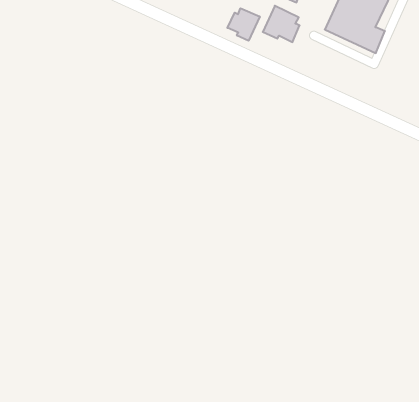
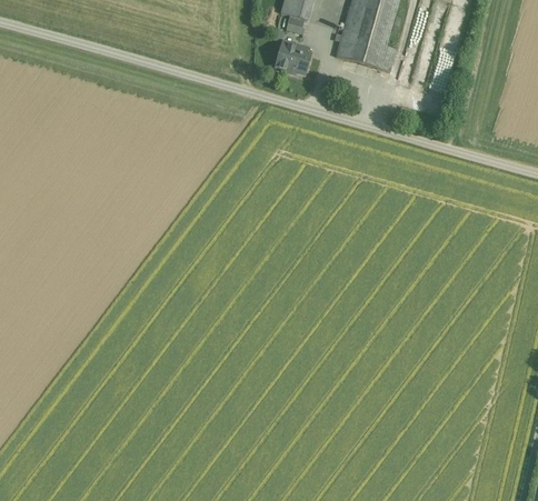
building: [227,8,260,41] -> none

